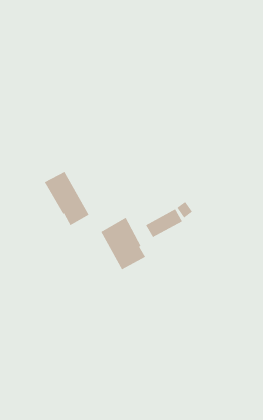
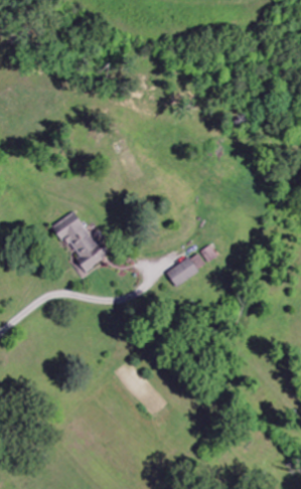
building: [100,217,146,270] -> none

